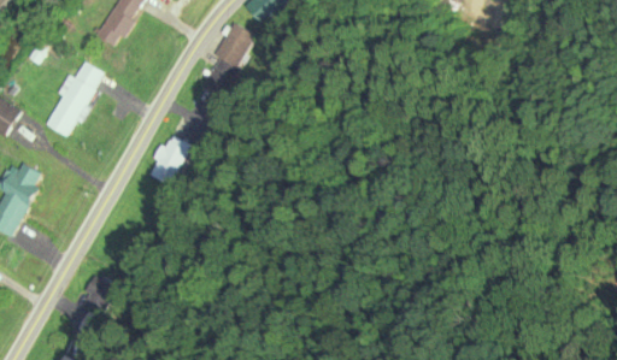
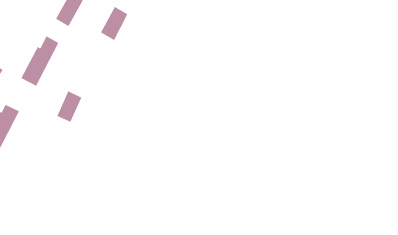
building: [213,23,255,75] -> [100,6,128,41]
building: [152,136,190,184] -> [57,90,82,123]

